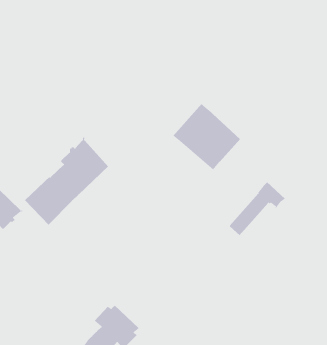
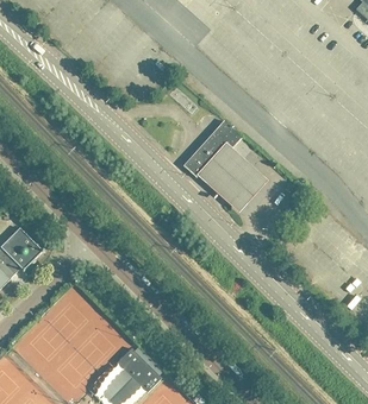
building: [24,137,109,226] -> none
building: [228,181,286,237] -> [183,119,243,176]

